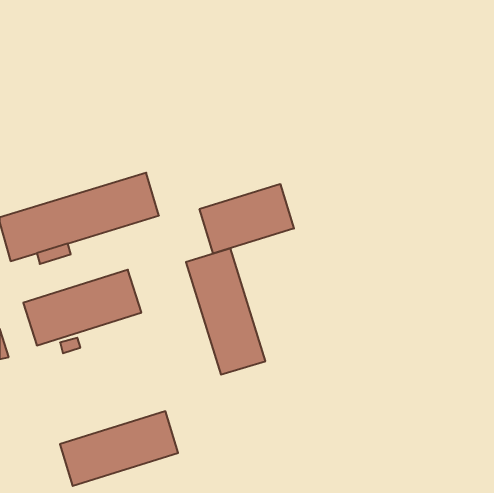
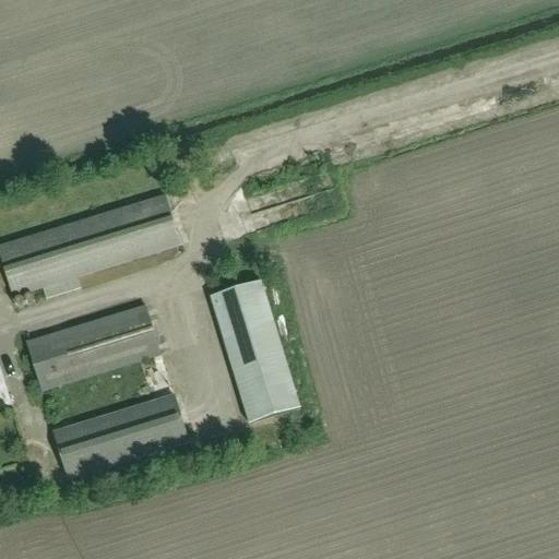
building: [200,184,294,254] -> none
building: [60,411,178,486] -> [53,393,187,477]

